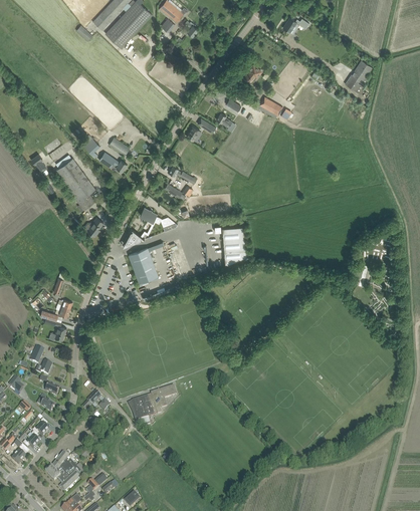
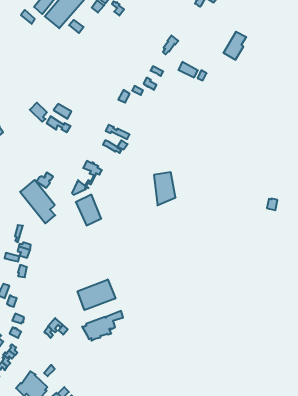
building: [344,60,372,93] -> [223,32,246,60]
building: [54,158,94,210] -> [20,180,55,223]
building: none -> [78,279,115,310]

